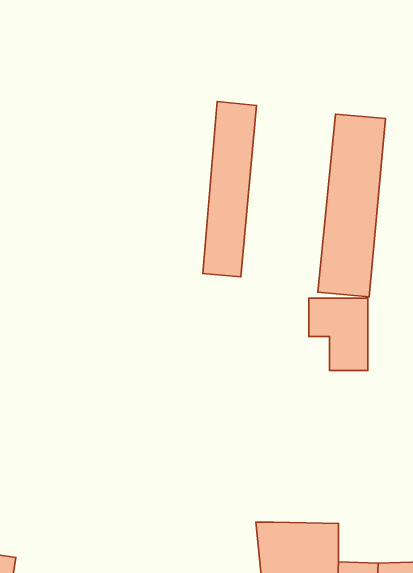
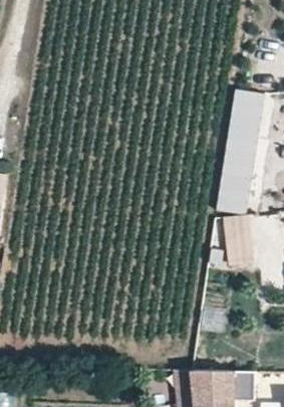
building: [203,102,256,277] -> none

